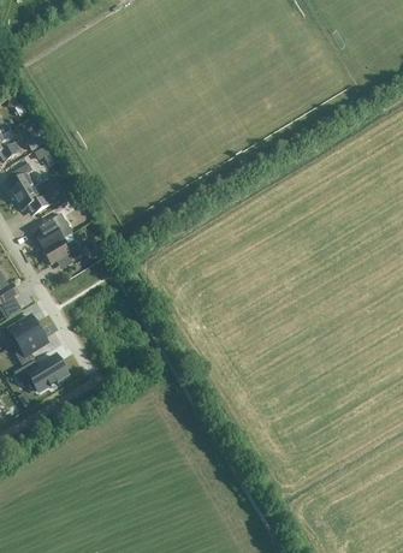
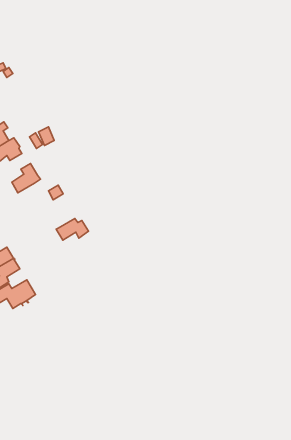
building: [41,237,81,263] -> [56,218,89,240]

